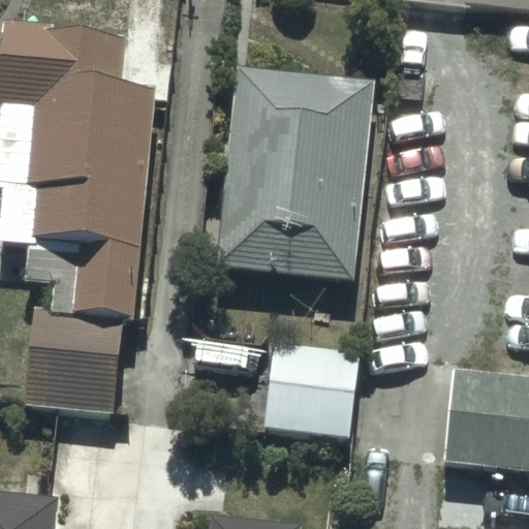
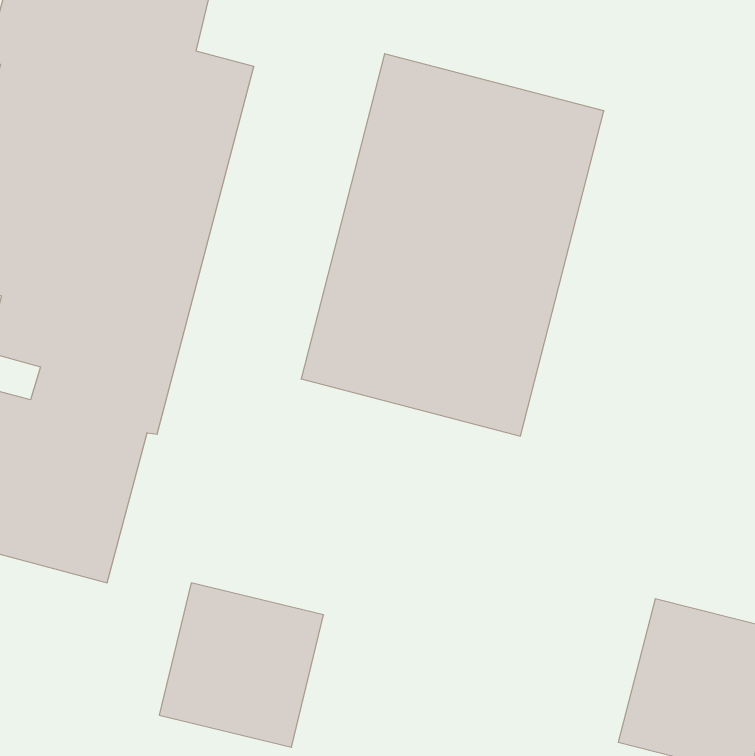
building: [264,344,354,434] -> [159,583,324,747]

